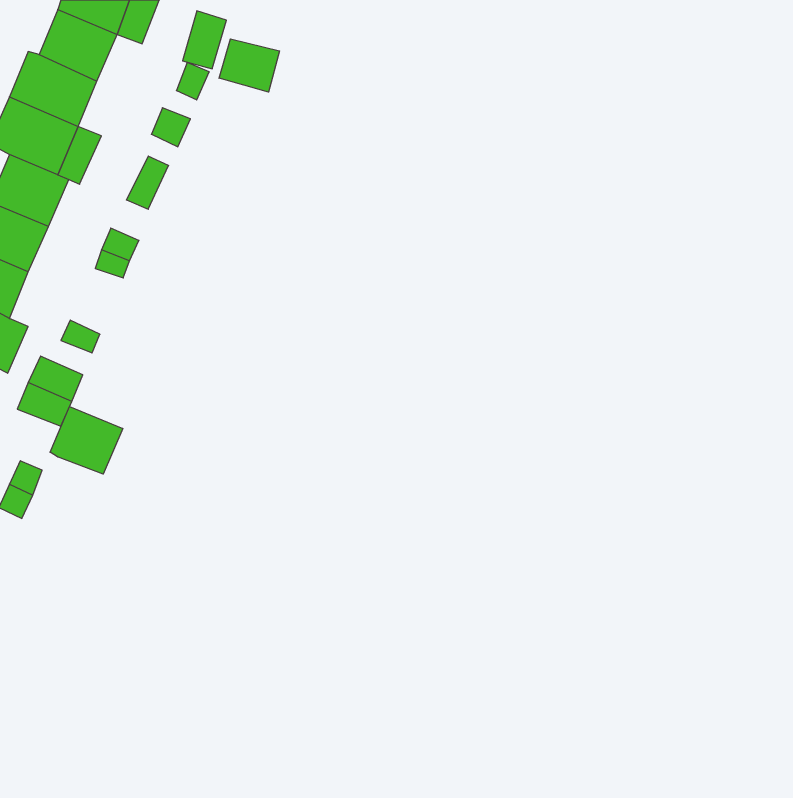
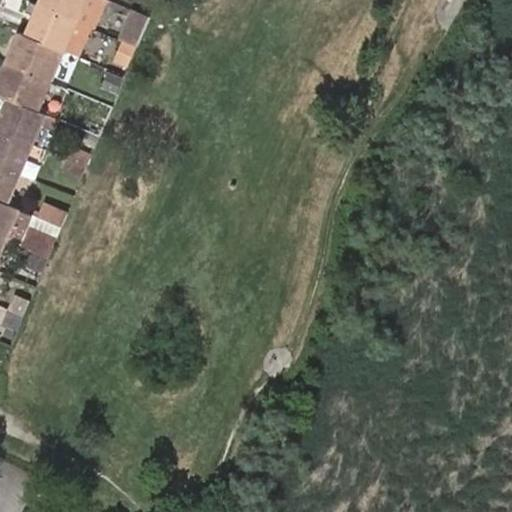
building: [219,39,280,92] -> none
building: [50,407,123,474] -> none

